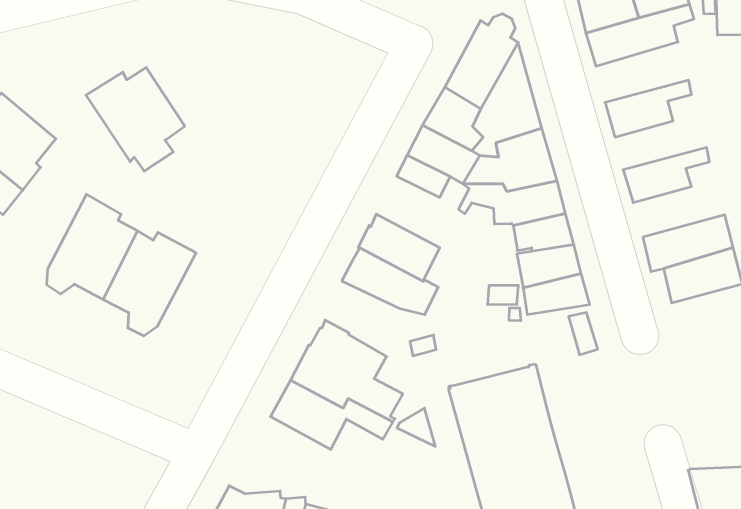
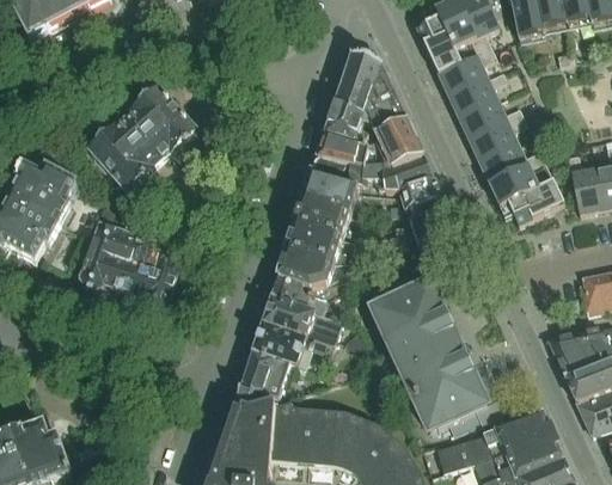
building: none -> [127,90,197,160]
building: none -> [436,44,496,94]
building: none -> [458,99,522,139]
building: none -> [302,173,359,214]
building: none -> [478,142,543,183]
building: none -> [279,248,350,295]
building: none -> [235,350,292,406]

